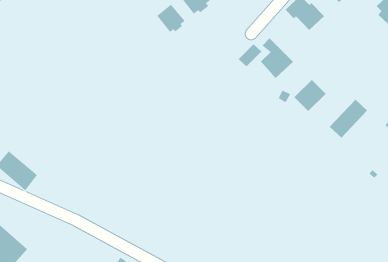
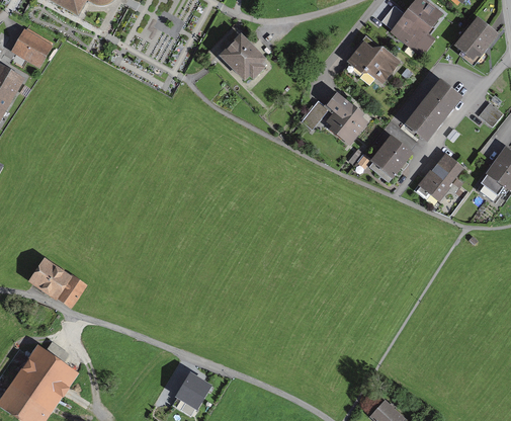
building: [156,4,185,33] -> none
building: none -> [405,80,457,138]

